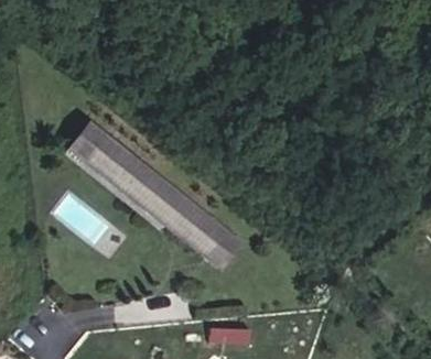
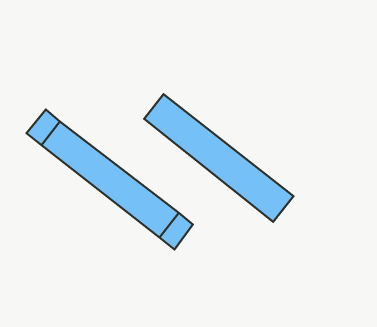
building: none -> [144,94,293,222]

